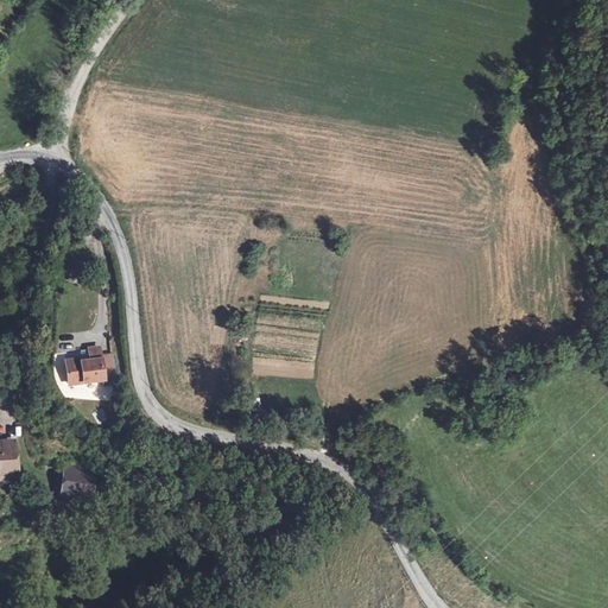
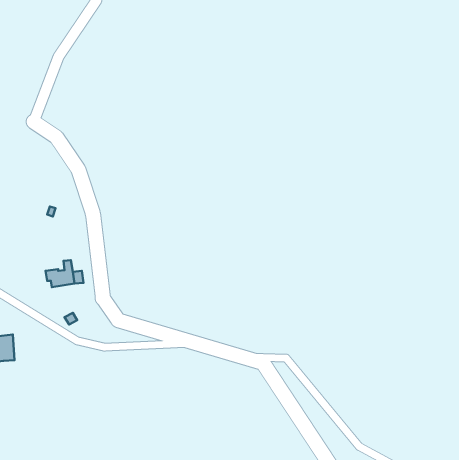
building: [64,468,95,498] -> none

